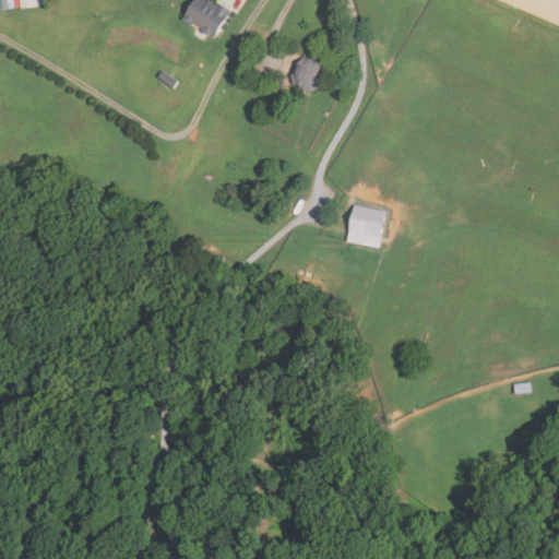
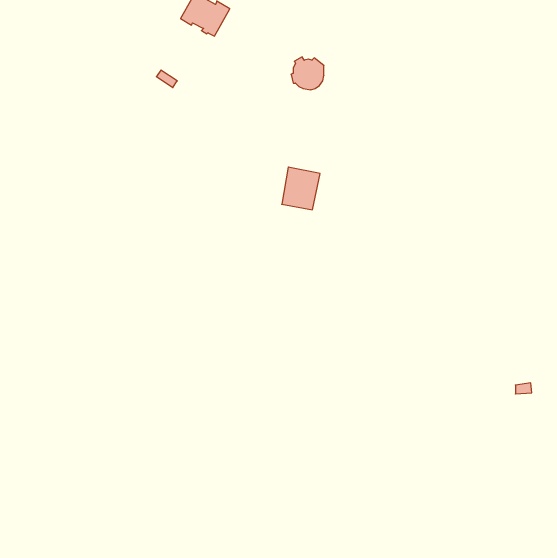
building: [346,204,384,247] -> [282,167,320,210]

